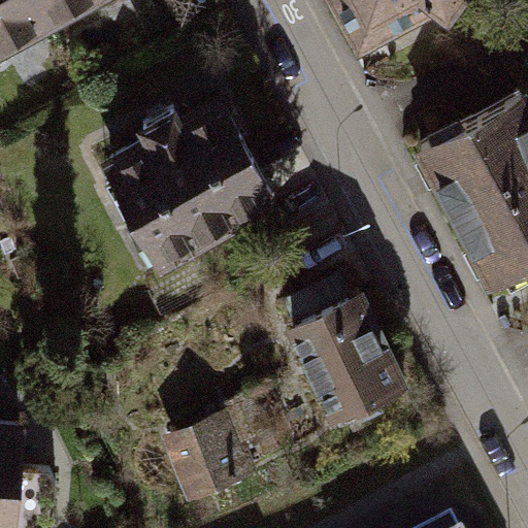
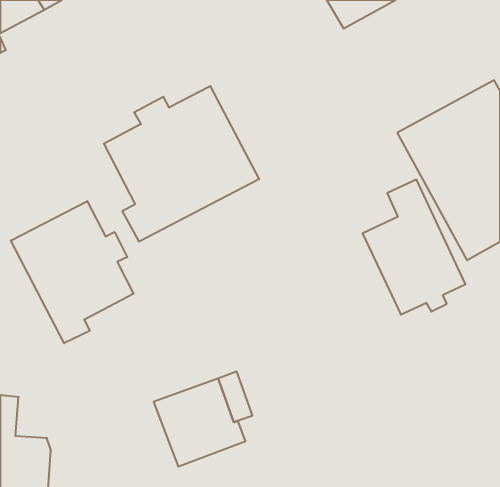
building: none -> [11,201,134,343]
building: [290,276,398,419] -> [363,180,465,315]

